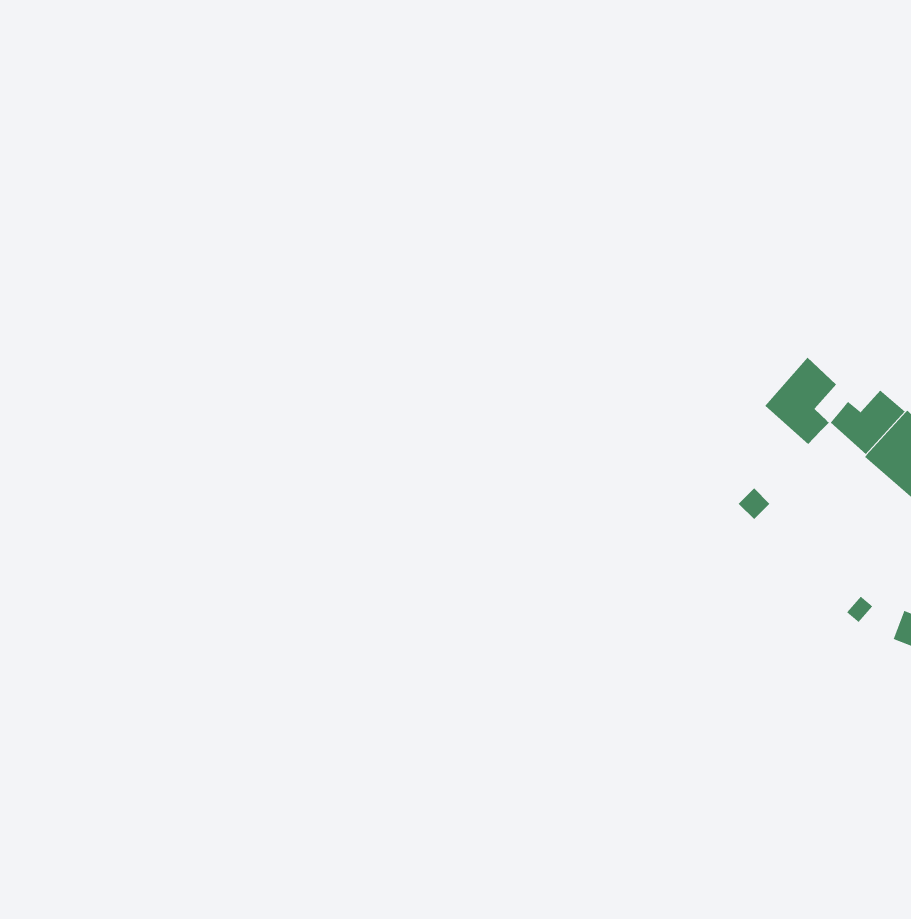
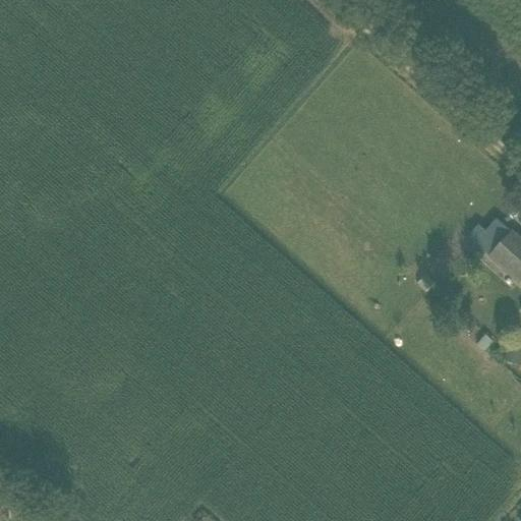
building: [765,357,837,445] -> none

